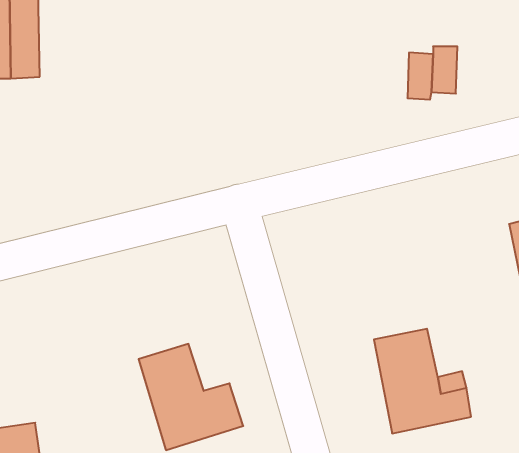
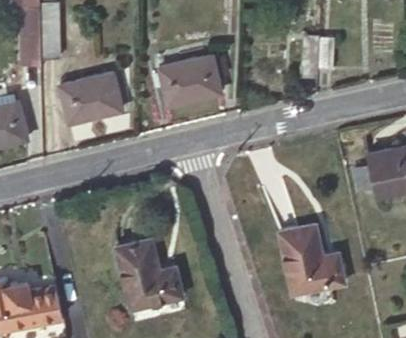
building: none -> [160,55,222,105]
building: none -> [61,74,123,123]

